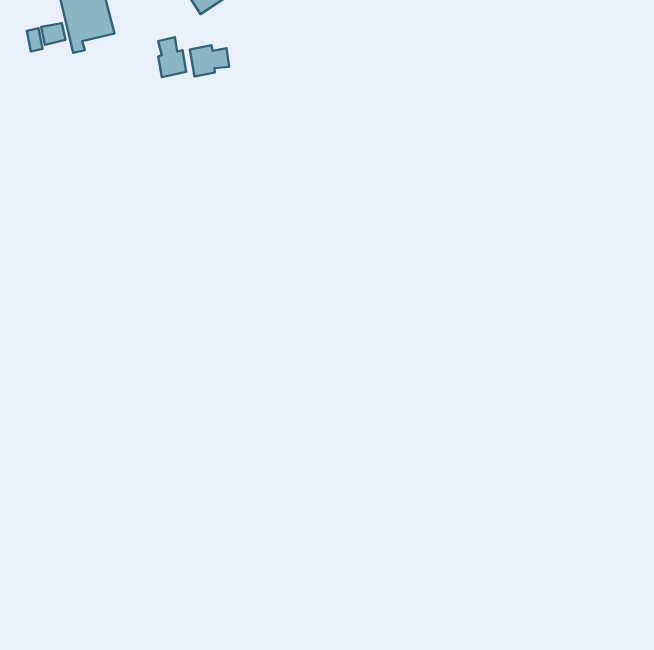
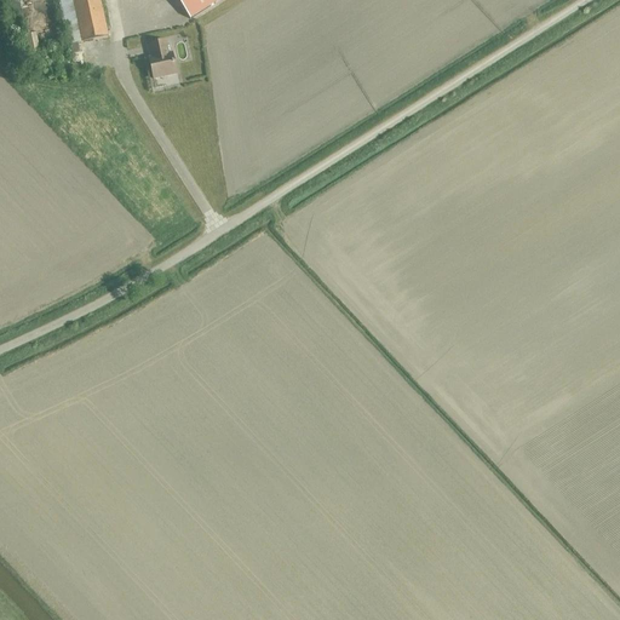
building: [190,45,229,77] -> none

